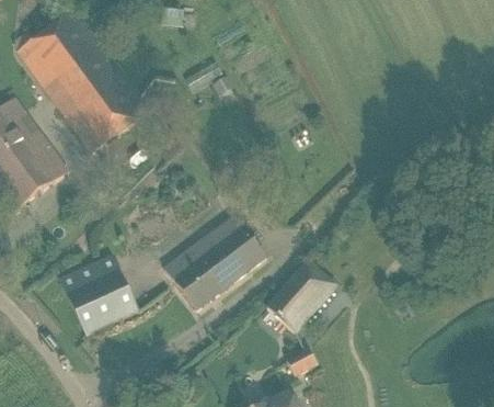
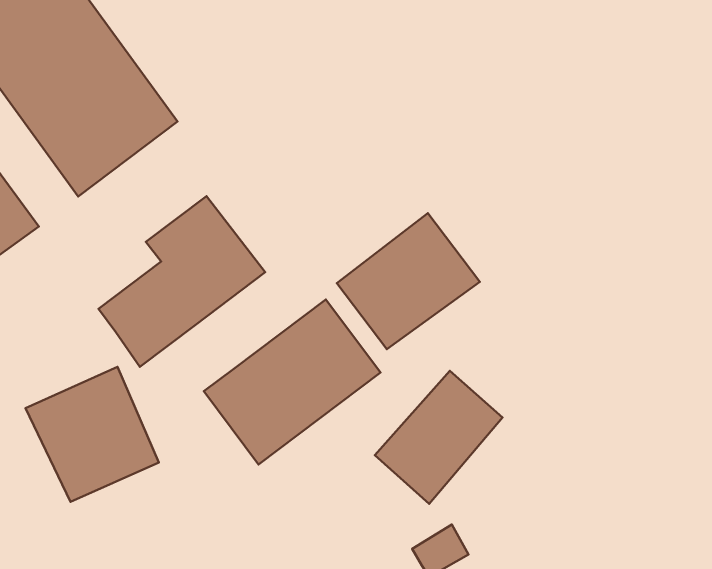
building: none -> [99,196,265,367]
building: none -> [337,213,480,349]

